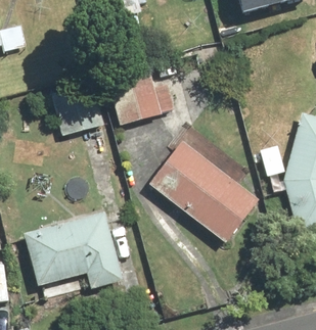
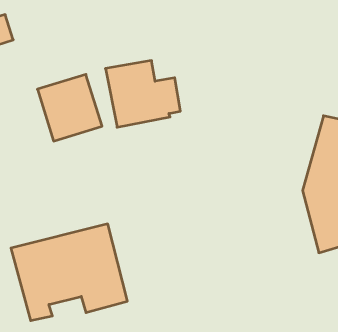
building: [148,142,260,243] -> none

